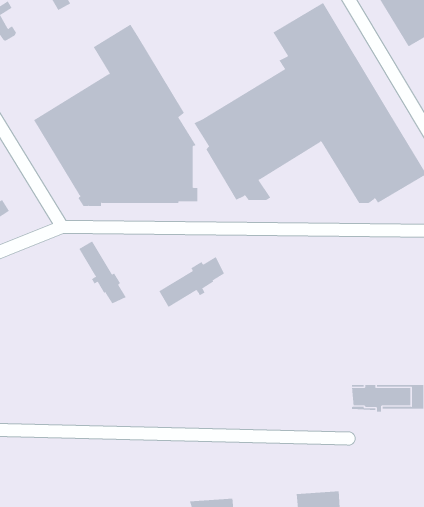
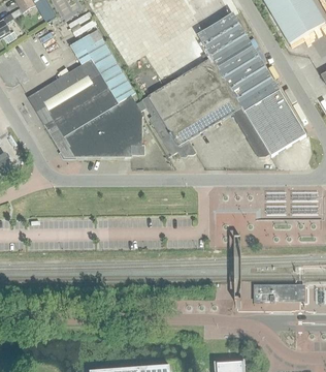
building: [78,240,126,304] -> none
building: [158,256,225,308] -> none

